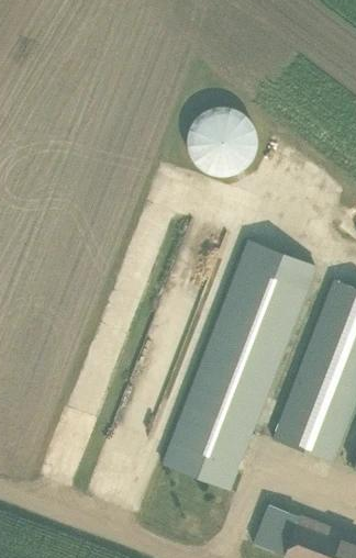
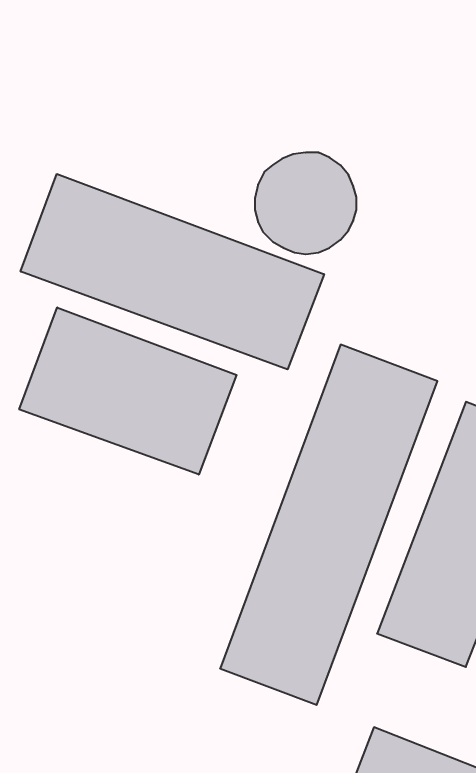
building: none -> [21,174,324,369]
building: none -> [19,307,237,475]

